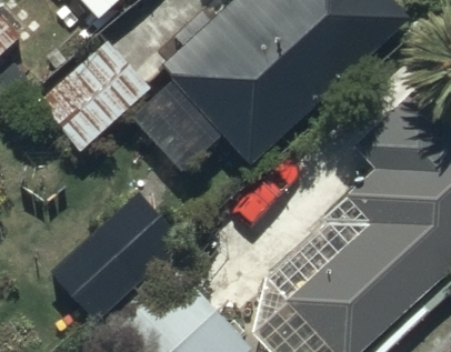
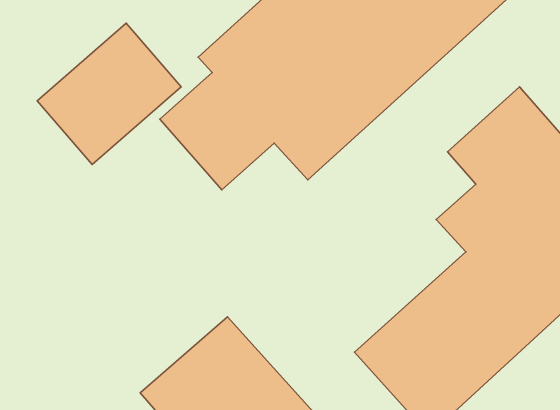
building: [50,195,181,321] -> none

